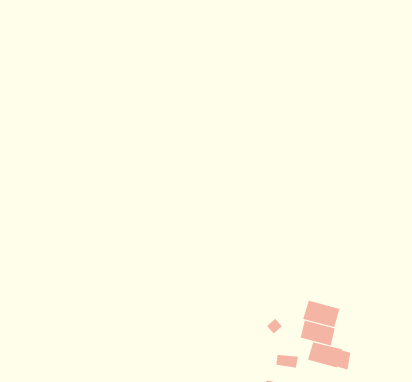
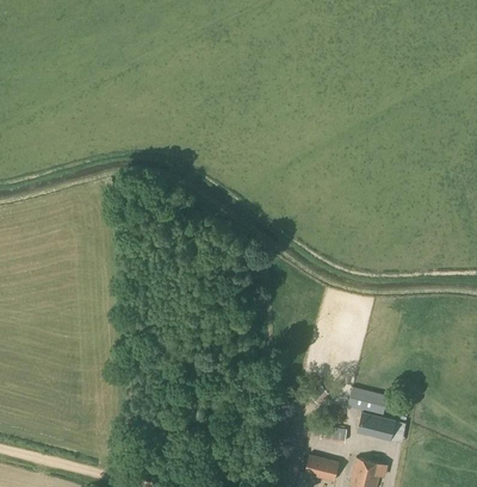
building: [303,300,340,328] -> none

